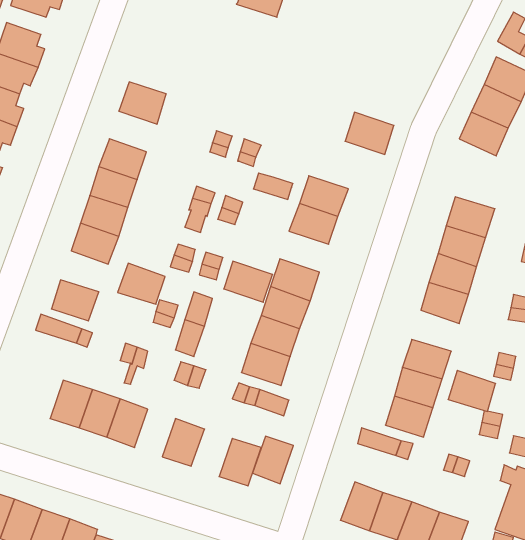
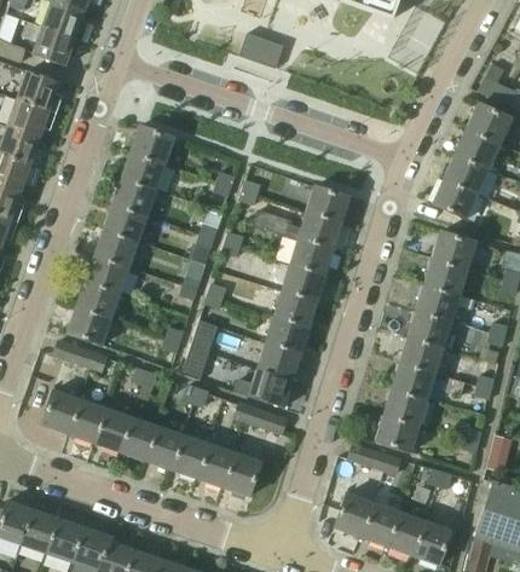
building: none -> [122,154,166,191]
building: [345,112,394,154] -> [305,186,349,225]
building: none -> [432,179,476,220]
building: [224,261,273,302] -> [278,264,323,301]
building: [118,263,165,304] -> [77,282,121,319]
building: none -> [41,391,80,435]
building: [448,370,496,411] -> [399,336,443,374]
building: none -> [145,427,183,470]
building: [252,436,293,484] -> [197,445,235,489]

